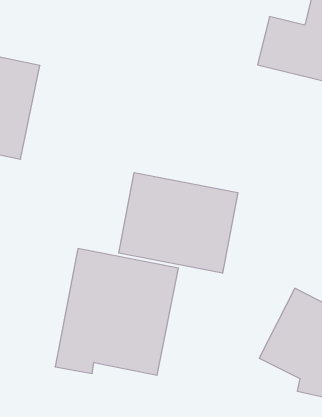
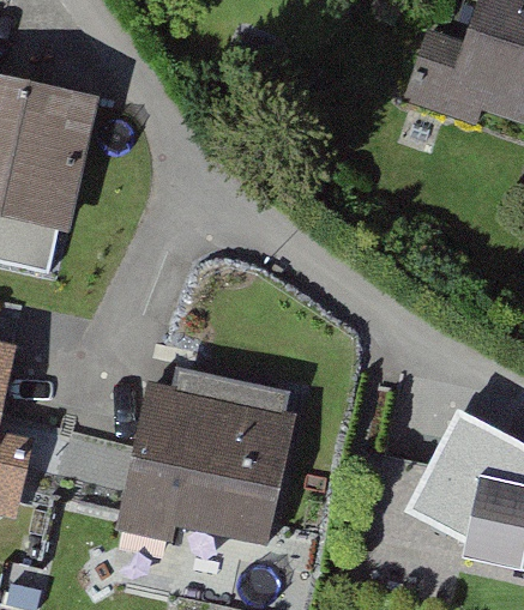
building: [119,173,238,273] -> none

